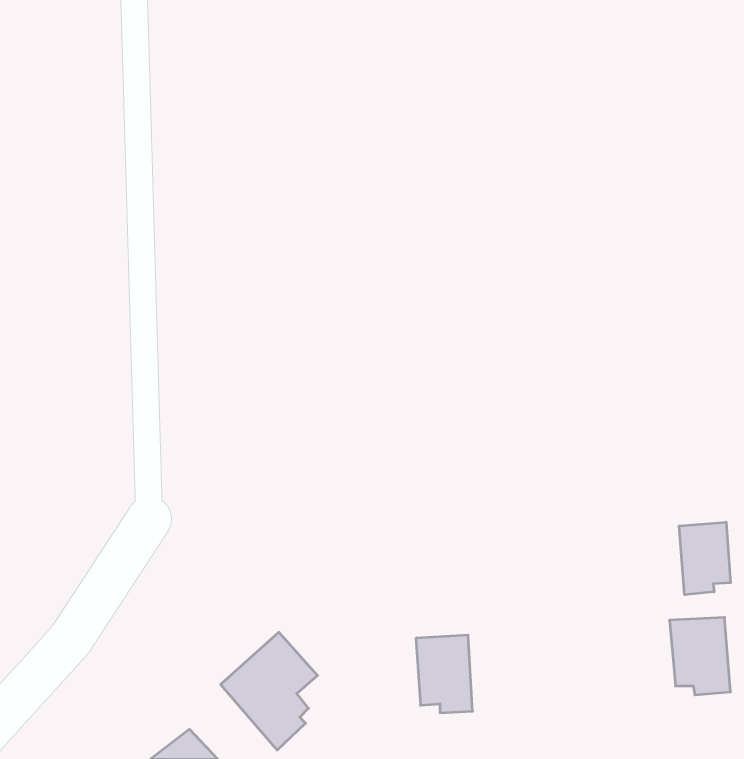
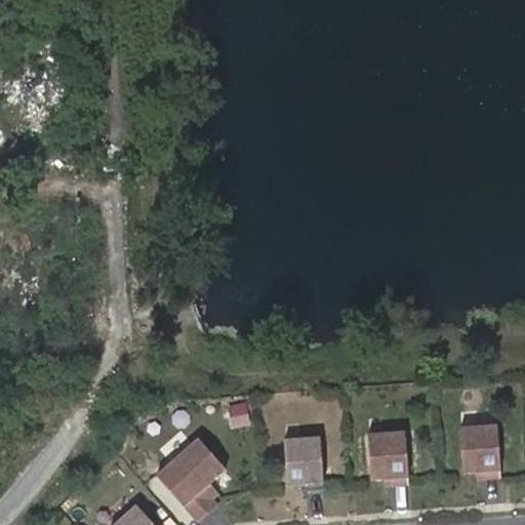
building: [679,522,731,595] -> none
building: none -> [369,431,410,485]

